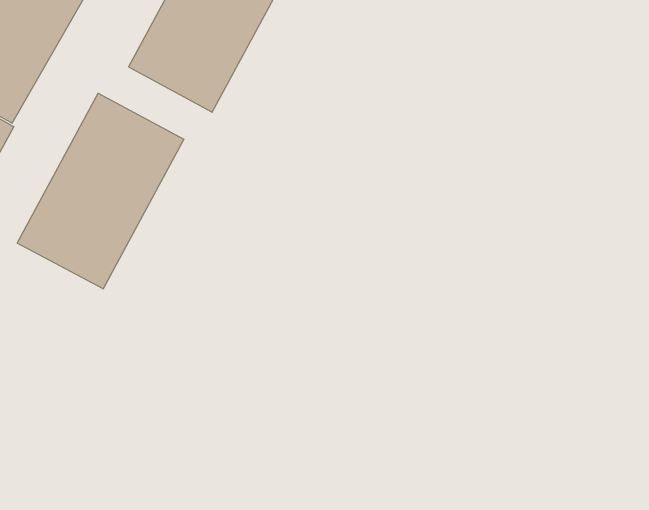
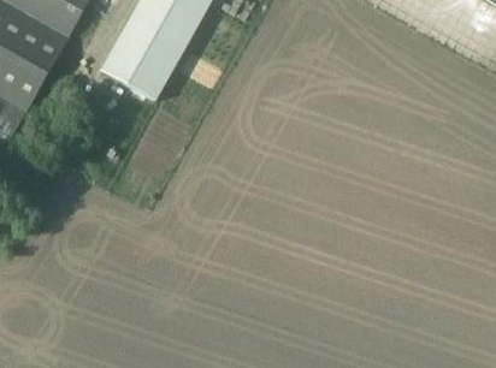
building: [17,93,184,289] -> none

